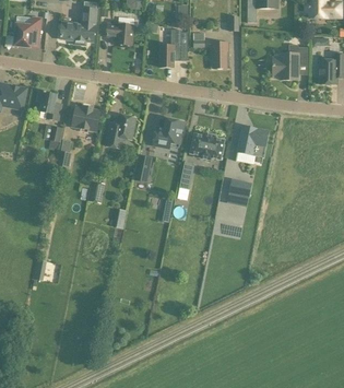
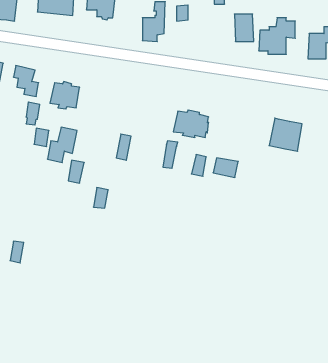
building: [211,42,229,68] -> [234,14,254,41]
building: [107,114,135,148] -> [47,127,77,163]
building: [153,118,183,148] -> none
building: [237,125,269,156] -> [269,118,302,151]

